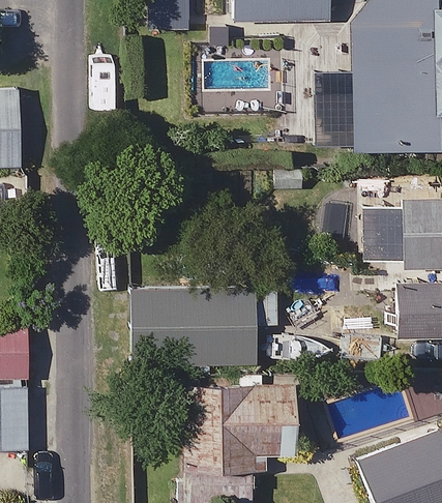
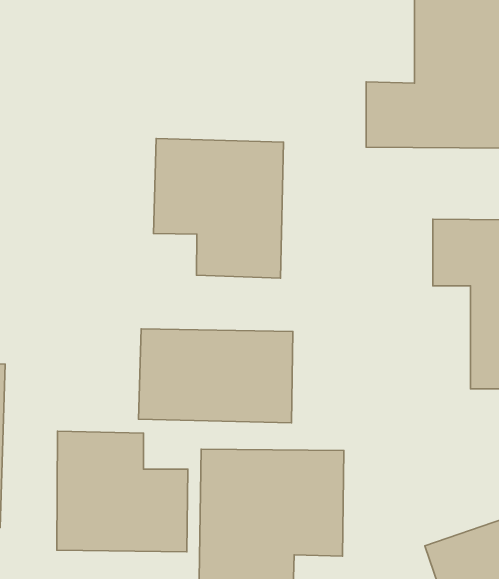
building: none -> [154,139,283,278]
building: none -> [57,431,188,552]

